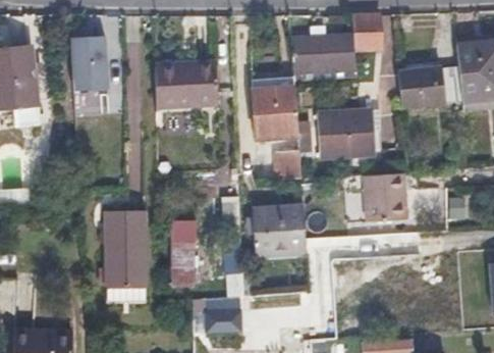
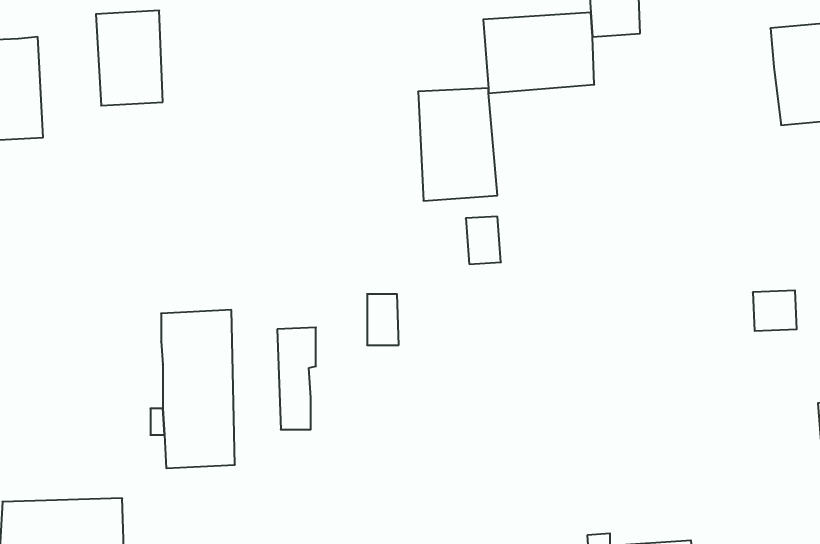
building: [156,66,218,107] -> none
building: [399,66,463,104] -> none
building: [319,111,375,156] -> none
building: [364,172,407,222] -> none
building: [255,208,308,263] -> none
building: [201,307,241,332] -> none

